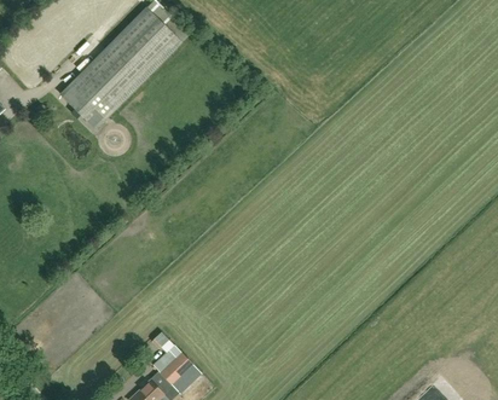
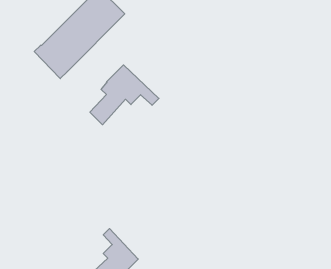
building: none -> [90,65,159,125]

